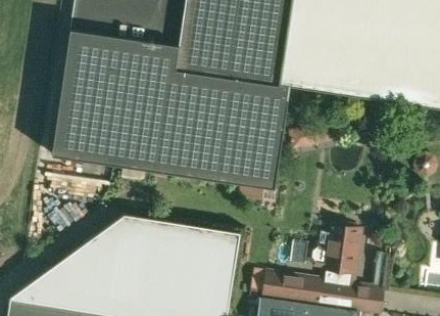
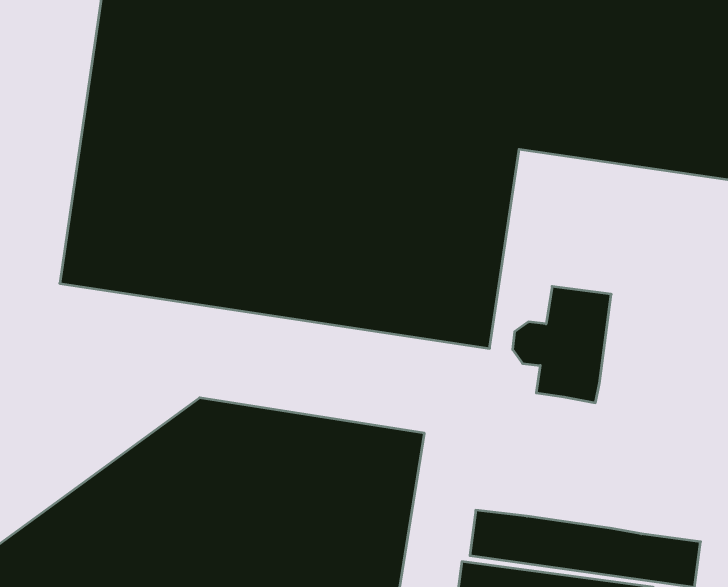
building: [310,224,361,284] -> [513,286,611,403]

